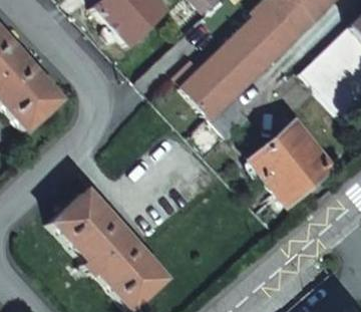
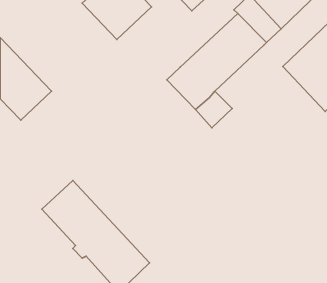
building: [251,121,327,197] -> none

